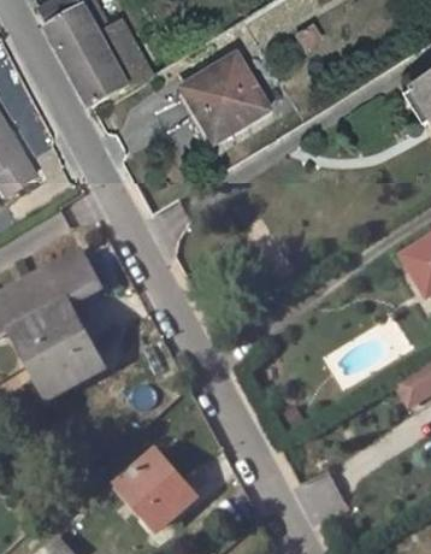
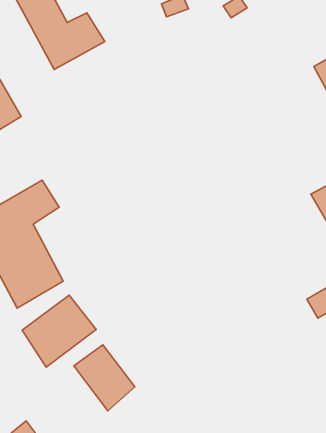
building: [181,59,270,140] -> none
building: none -> [22,295,96,367]

